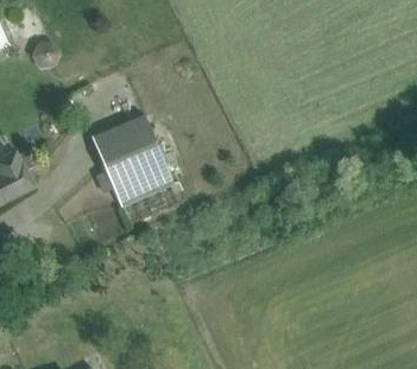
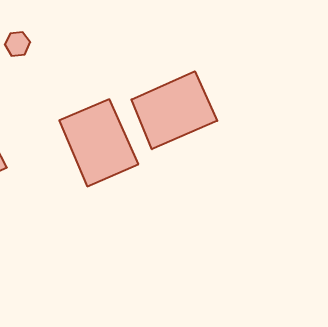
building: none -> [131,71,217,149]

